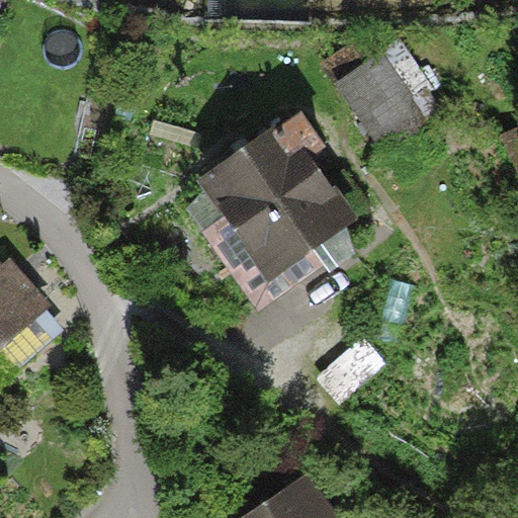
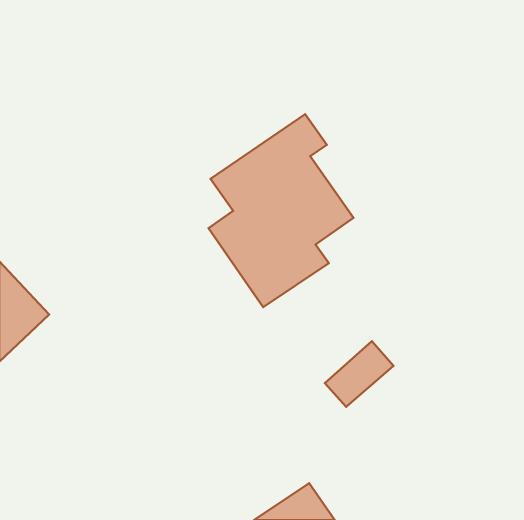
building: [326,34,425,148] -> none

